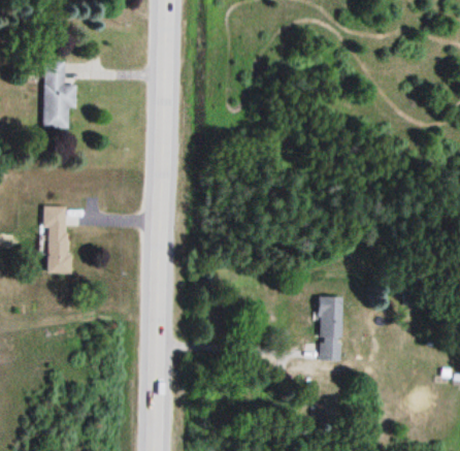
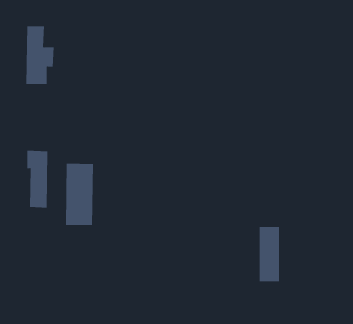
building: none -> [65,163,93,226]

